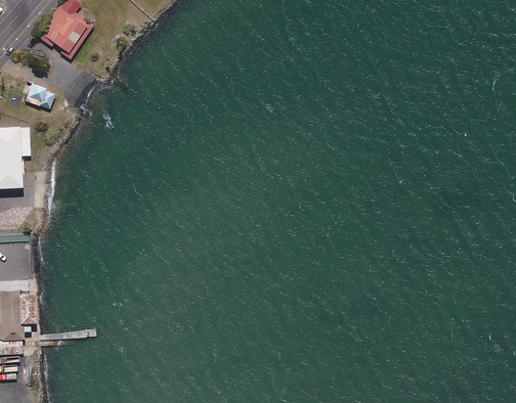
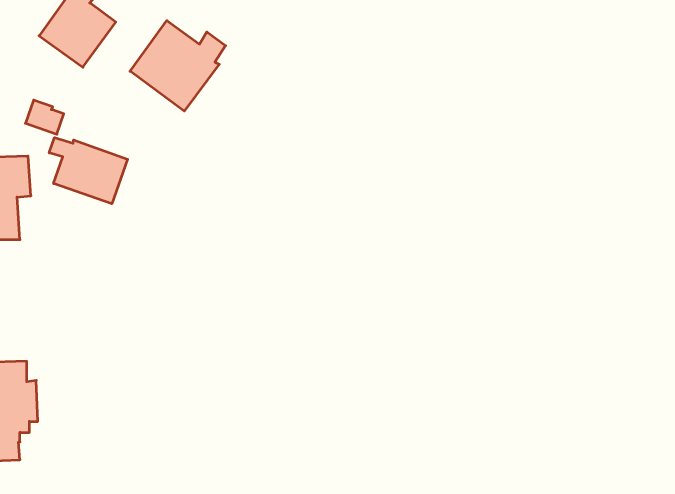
building: none -> [130,21,226,111]
building: none -> [49,138,128,204]

